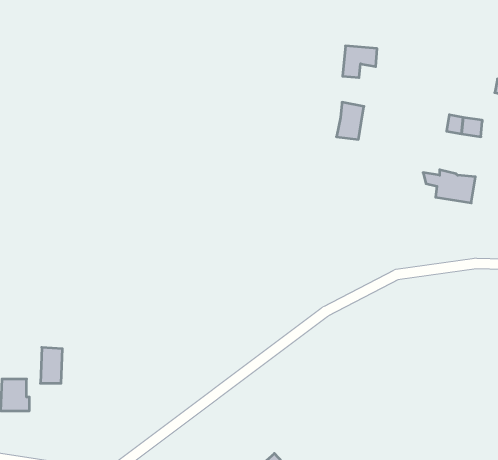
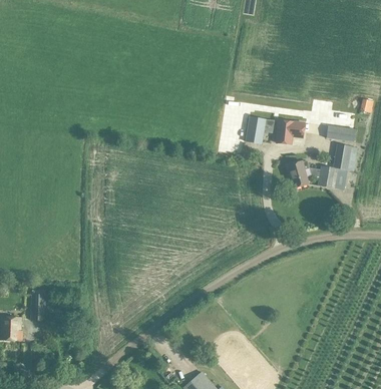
building: [343,46,377,78] -> [279,120,304,143]
building: none -> [333,142,351,169]
building: none -> [287,159,309,187]

